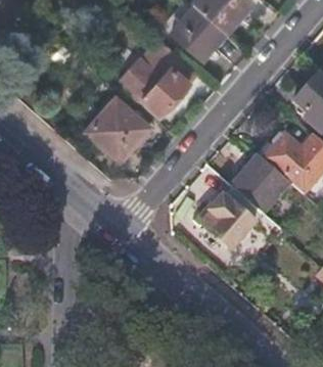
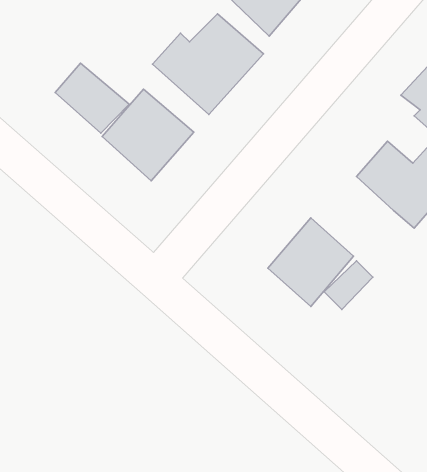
building: none -> [55,63,129,133]
building: [228,155,285,214] -> none

